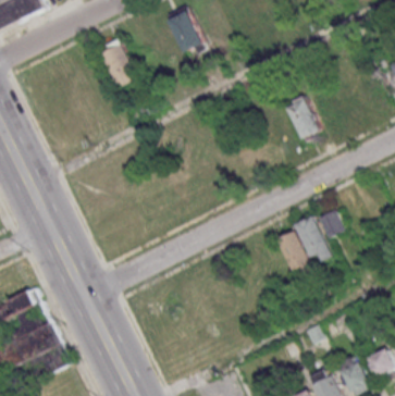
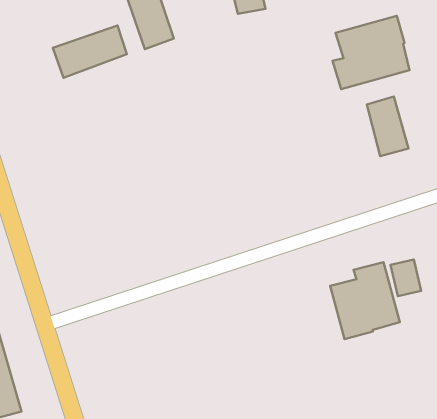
building: none -> [332,16,410,89]
building: none -> [53,26,127,78]

